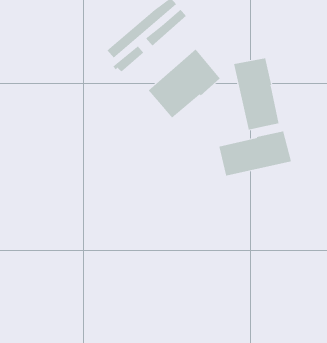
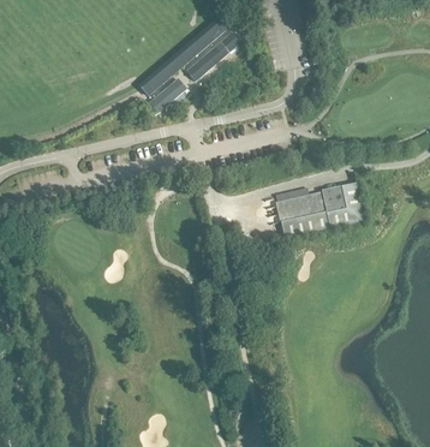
building: [148,48,220,119] -> none
building: [233,57,279,131] -> none

